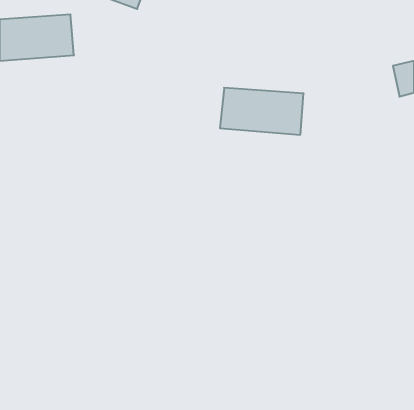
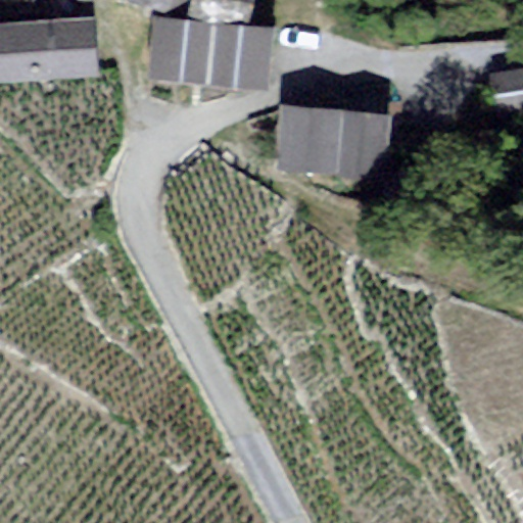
building: none -> [150,20,264,81]

